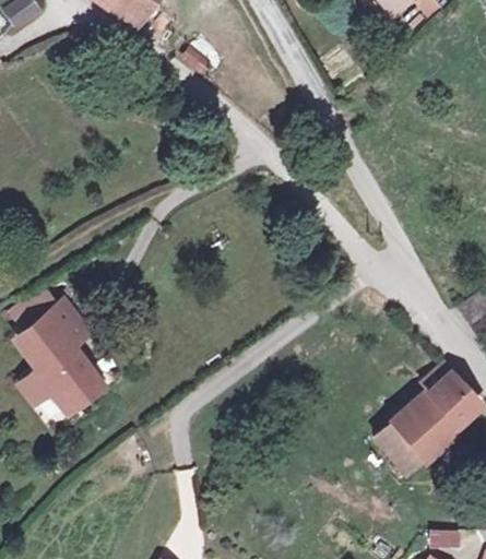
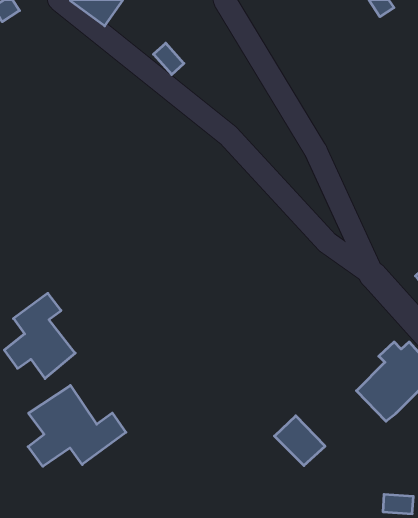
building: none -> [28,385,126,466]
building: [378,420,432,474] -> [274,416,325,466]

